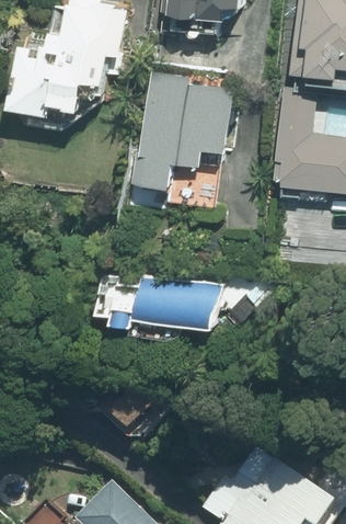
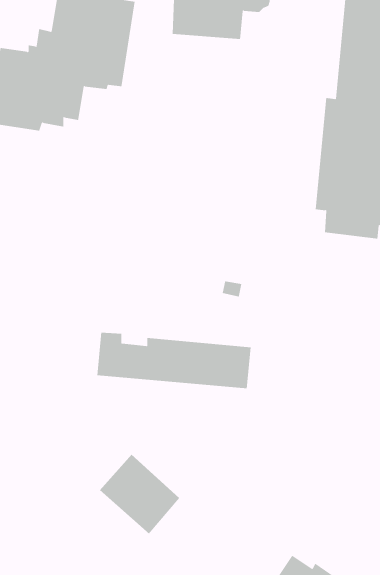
building: [130,66,233,204] -> none

